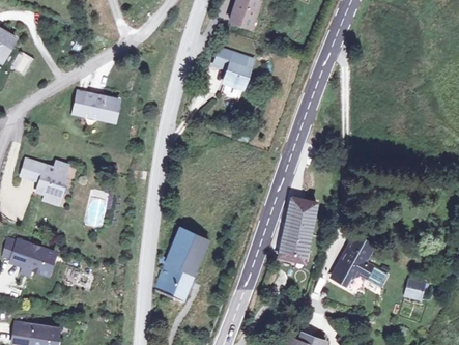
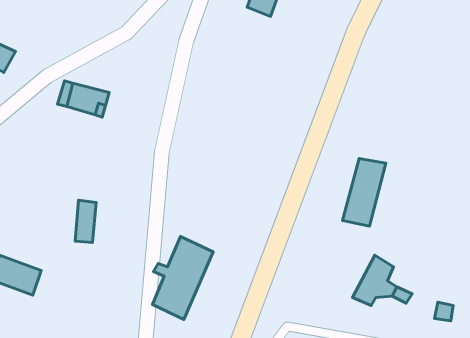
building: [221,49,258,89] -> none
building: [27,161,70,203] -> none
building: [278,199,316,259] -> [343,158,386,226]

